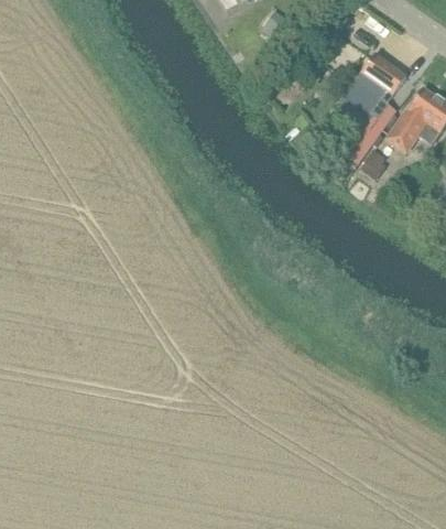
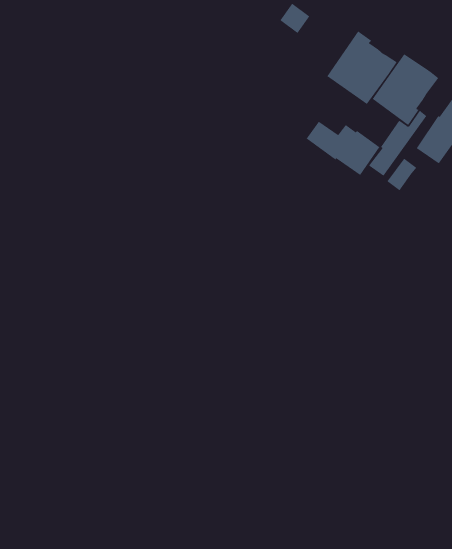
building: none -> [327,30,397,105]
building: none -> [306,121,380,176]

